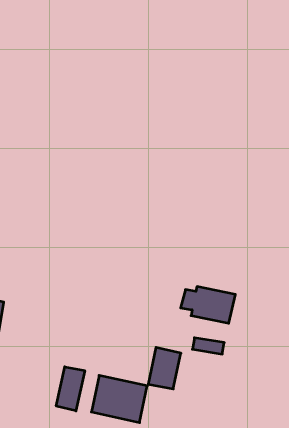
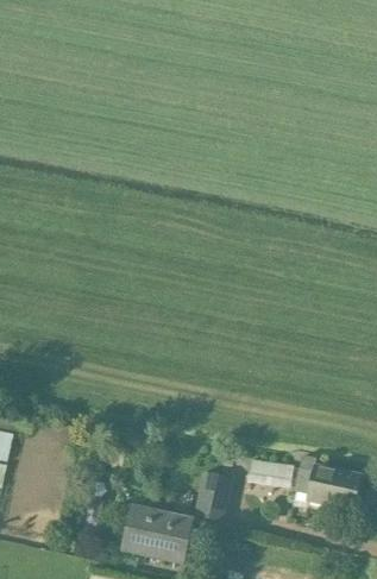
building: [181,287,235,323] -> [294,465,362,510]
building: [56,367,85,411] -> none

